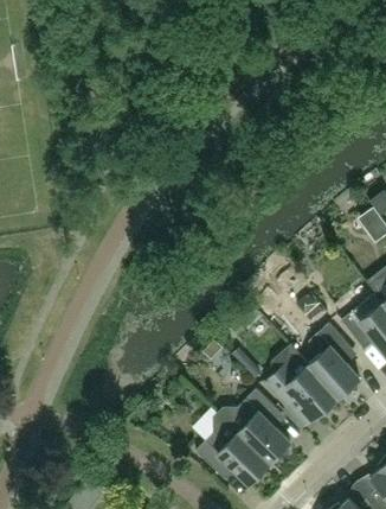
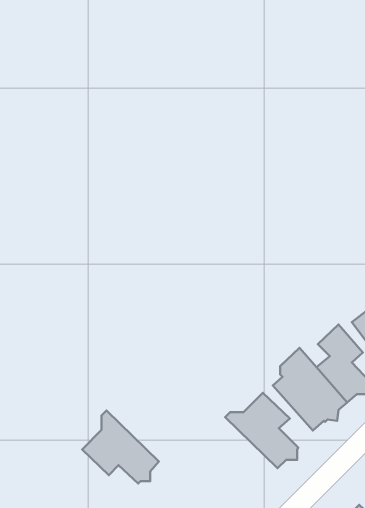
building: [195,413,270,484] -> [82,411,159,484]

